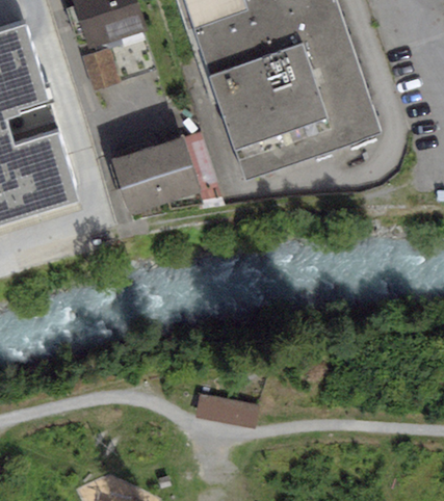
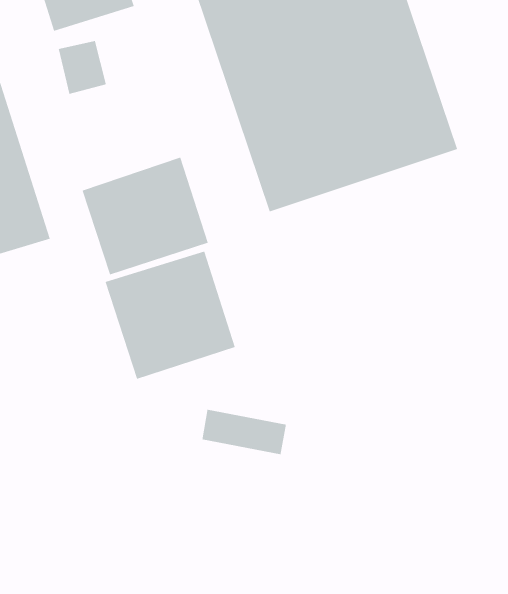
building: none -> [105,251,236,380]
building: [198,392,261,426] -> [201,409,287,455]

